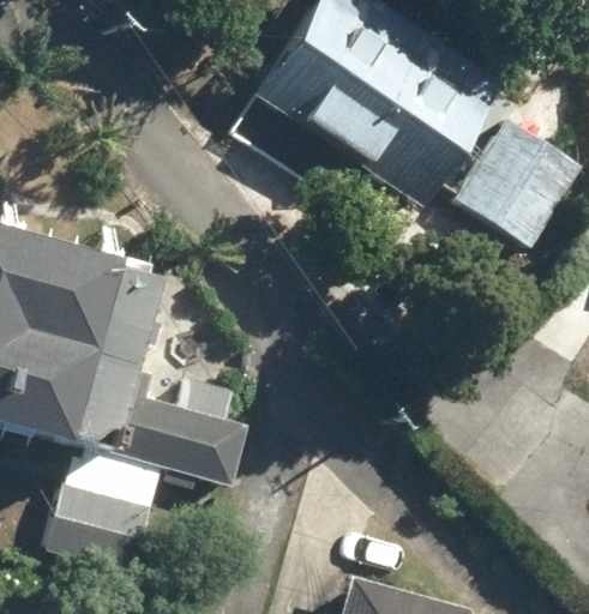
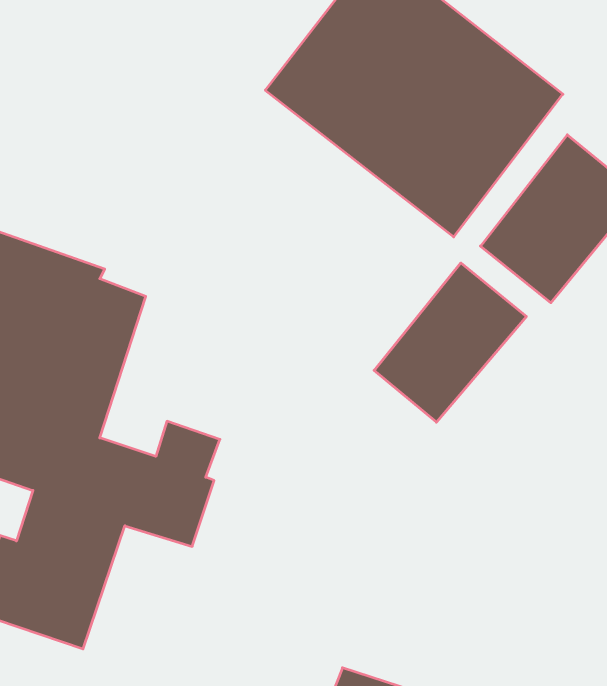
building: none -> [374,263,526,422]

